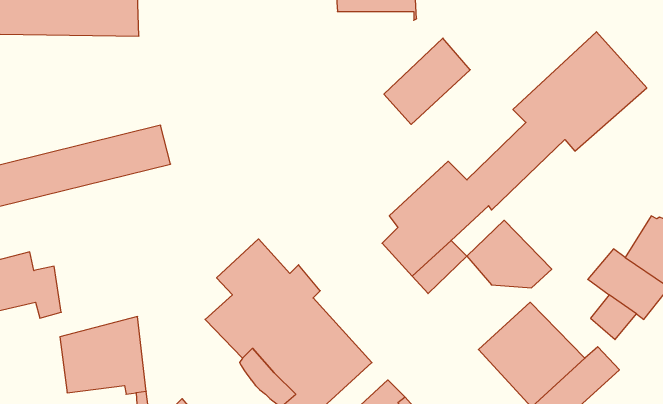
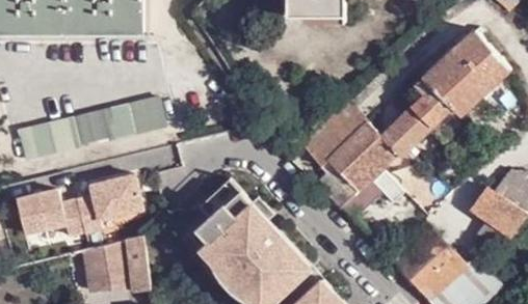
building: [384,38,470,124] -> [303,102,366,164]
building: none -> [81,177,147,236]

